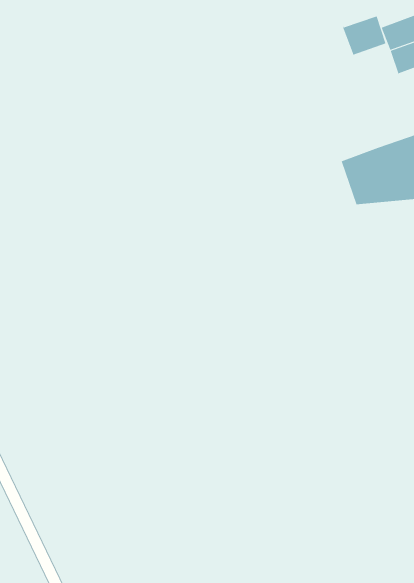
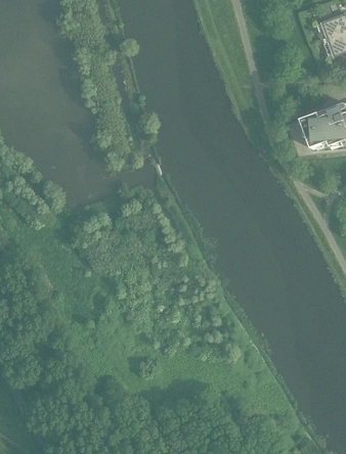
building: [342,15,386,56] -> none

